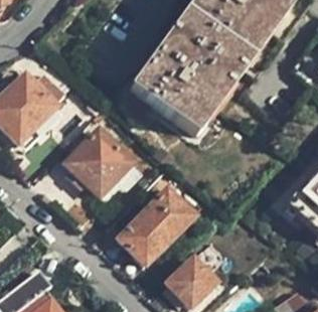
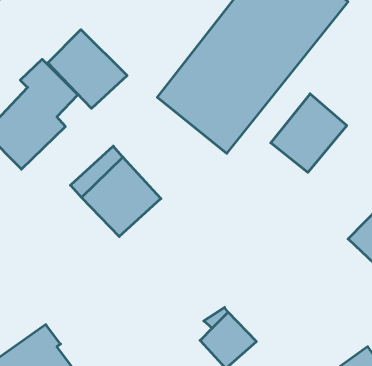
building: none -> [48,30,127,108]
building: none -> [271,94,347,172]
building: [119,196,195,269] -> none

